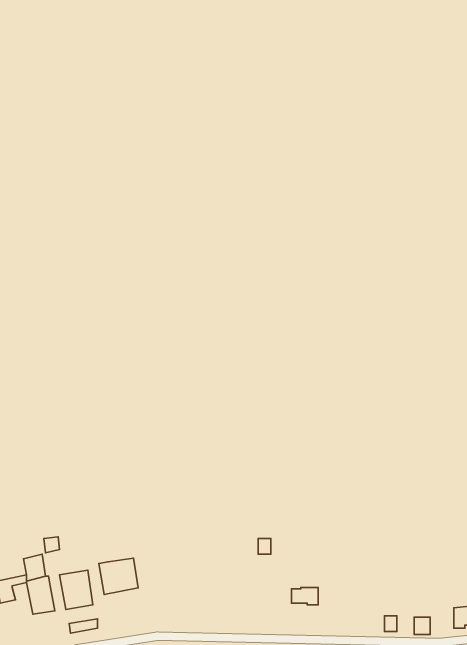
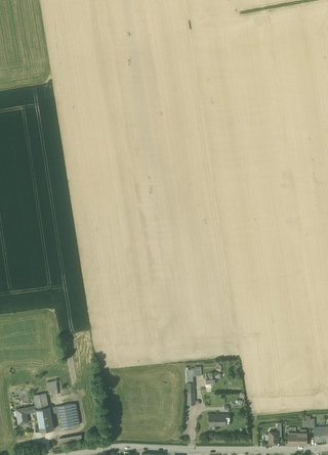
building: [99,558,138,595] -> none

